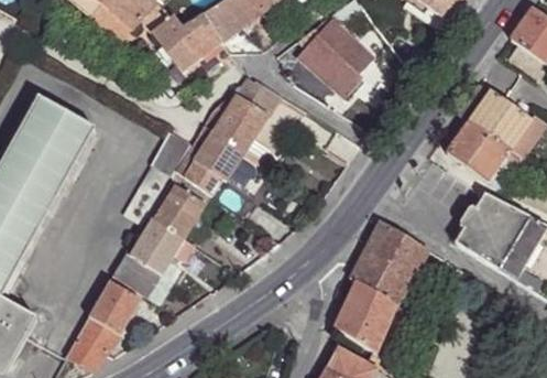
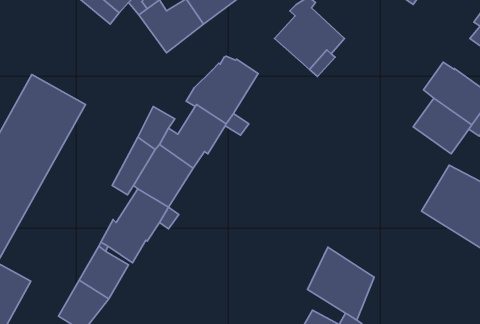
building: [349,219,430,307] -> none

